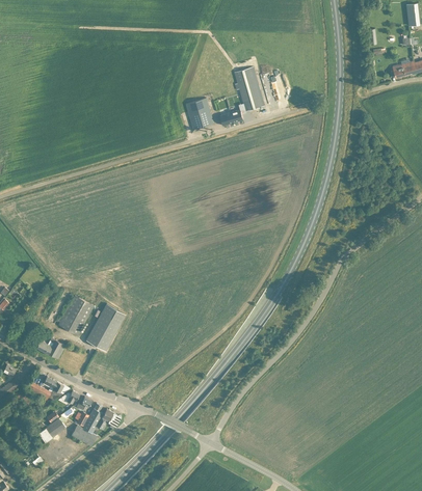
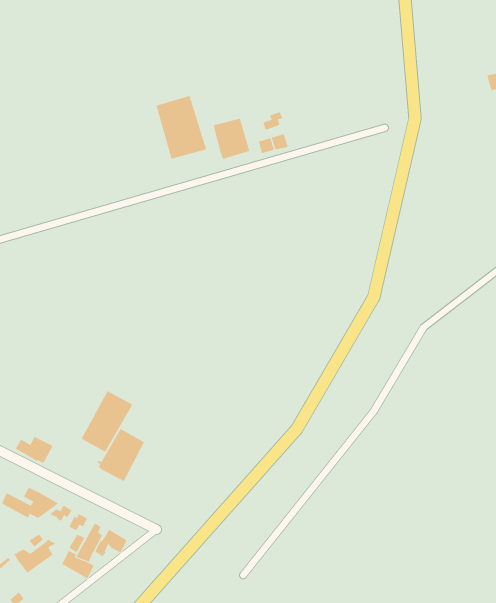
building: [234,66,262,110] -> none
building: none -> [156,95,207,159]
building: [56,295,93,335] -> [97,428,145,482]

